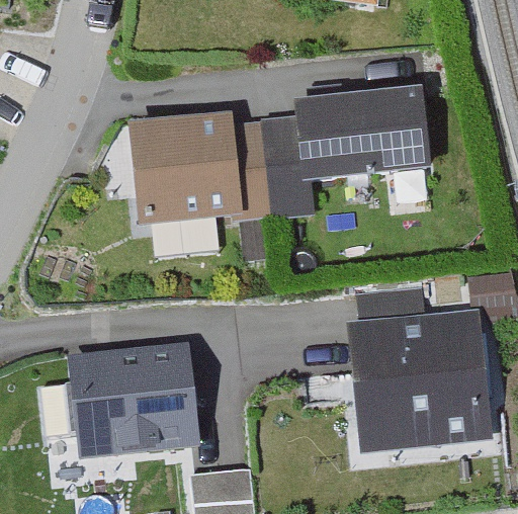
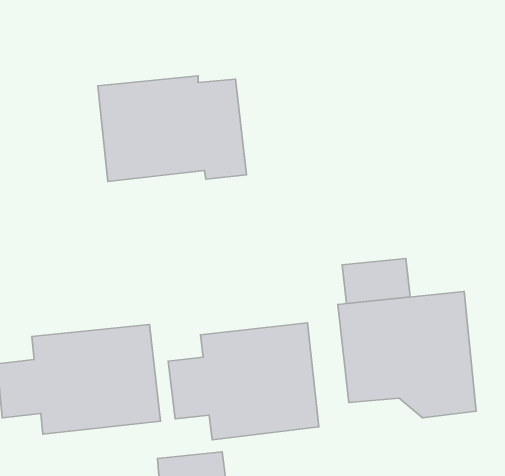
building: [262,89,427,213] -> none
building: none -> [168,323,319,440]

